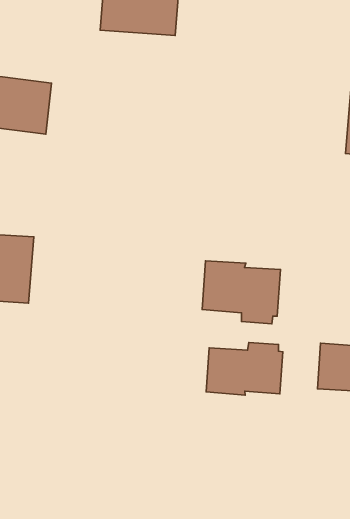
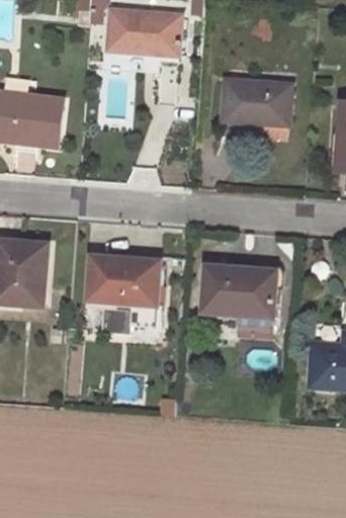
building: none -> [224,79,292,123]
building: none -> [88,256,160,326]
building: [206,342,283,395] -> none

